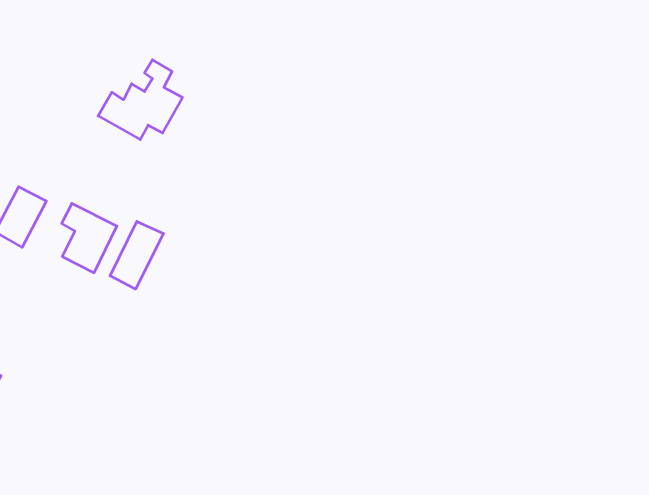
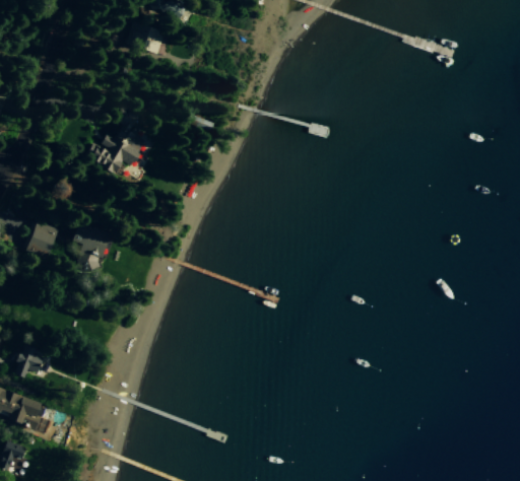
building: [110,221,163,289] -> none

